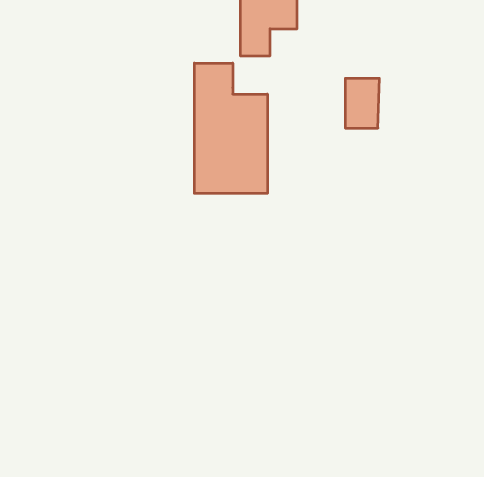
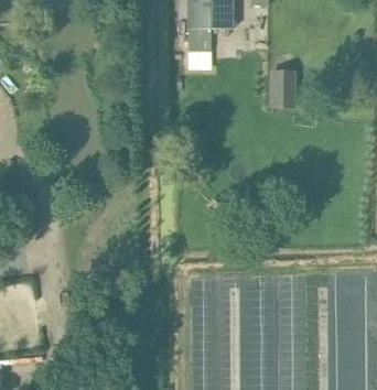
building: [194,63,267,193] -> none

